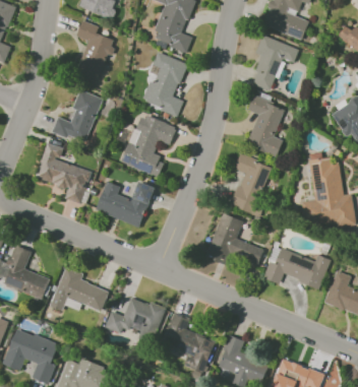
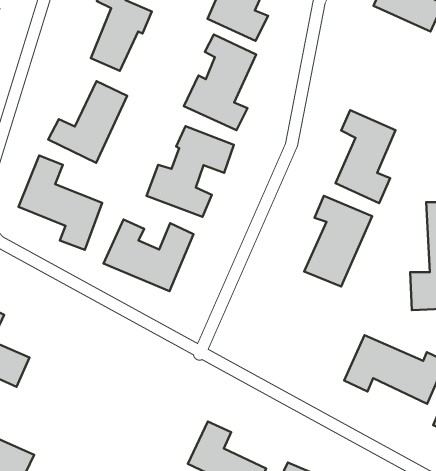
building: [250,35,298,91] -> none
building: [205,212,263,266] -> none
building: [50,265,109,311] -> none
building: [105,297,164,333] -> none

